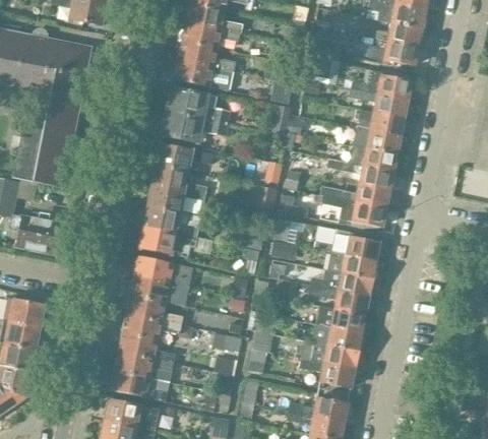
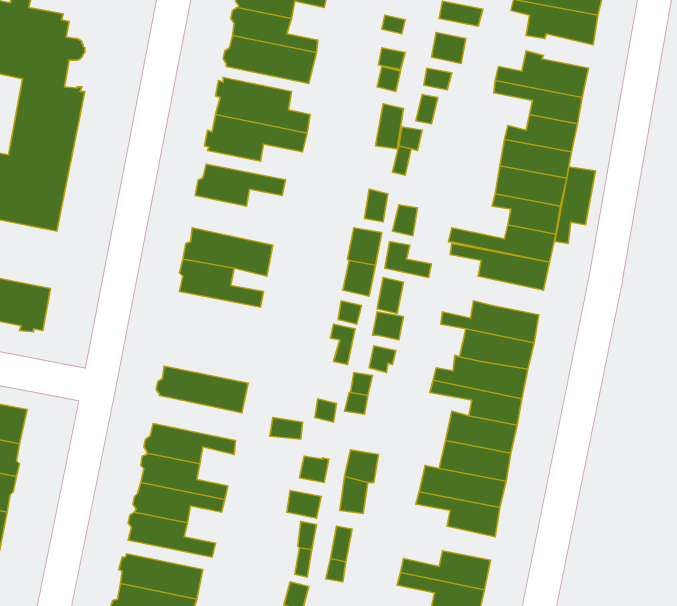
building: none -> [555,167,596,244]
building: [152,164,207,196] -> none
building: [139,227,197,256] -> none
building: [134,255,193,287] -> none
building: [127,295,183,324] -> none

